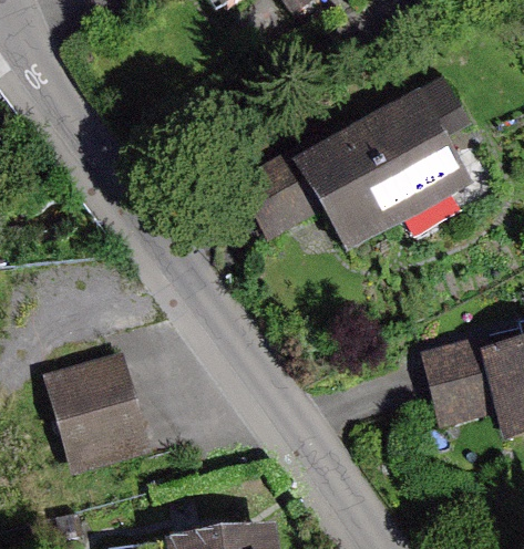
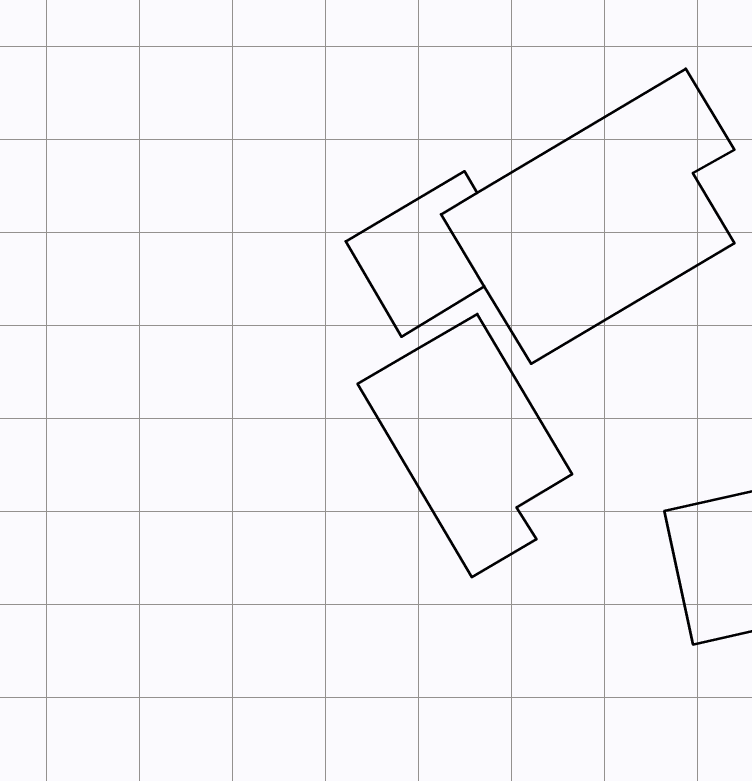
building: none -> [358,314,572,577]
building: [43,353,150,464] -> none

